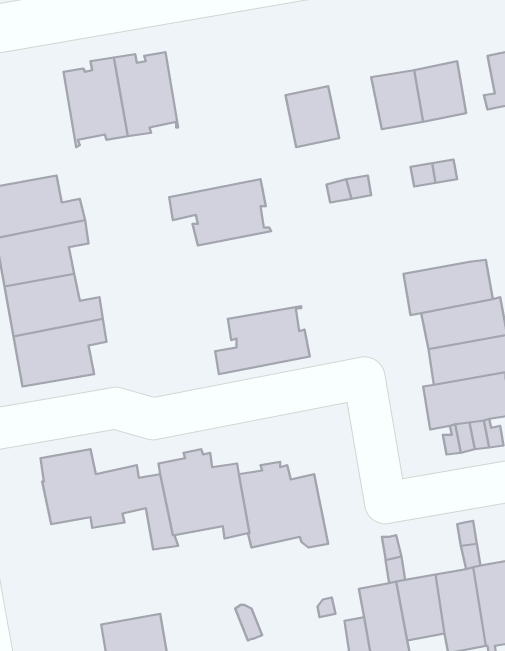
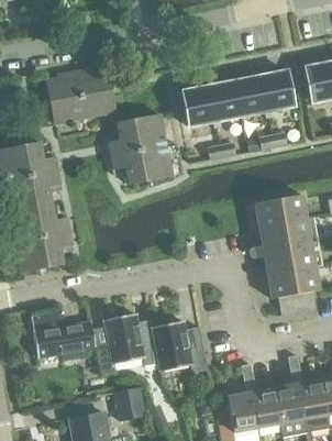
building: none -> [208,81,241,119]
building: [215,306,310,374] -> [108,113,166,155]
building: none -> [113,387,144,420]

